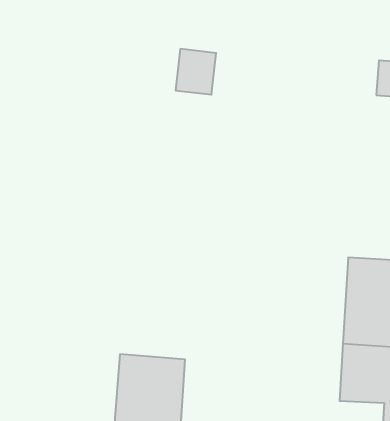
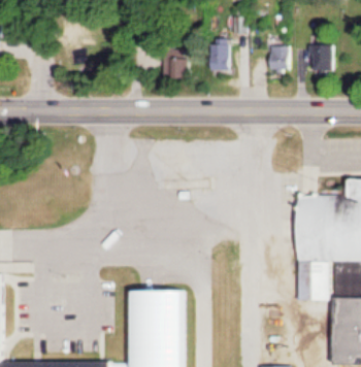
building: none -> [207,41,229,72]
building: none -> [267,48,290,73]

